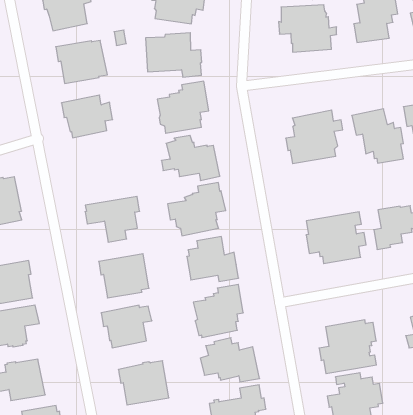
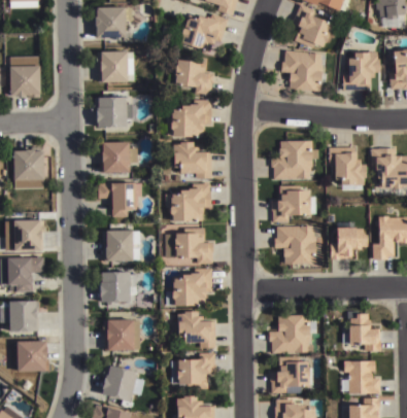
building: none -> [98,141,138,173]
building: none -> [271,185,315,222]

